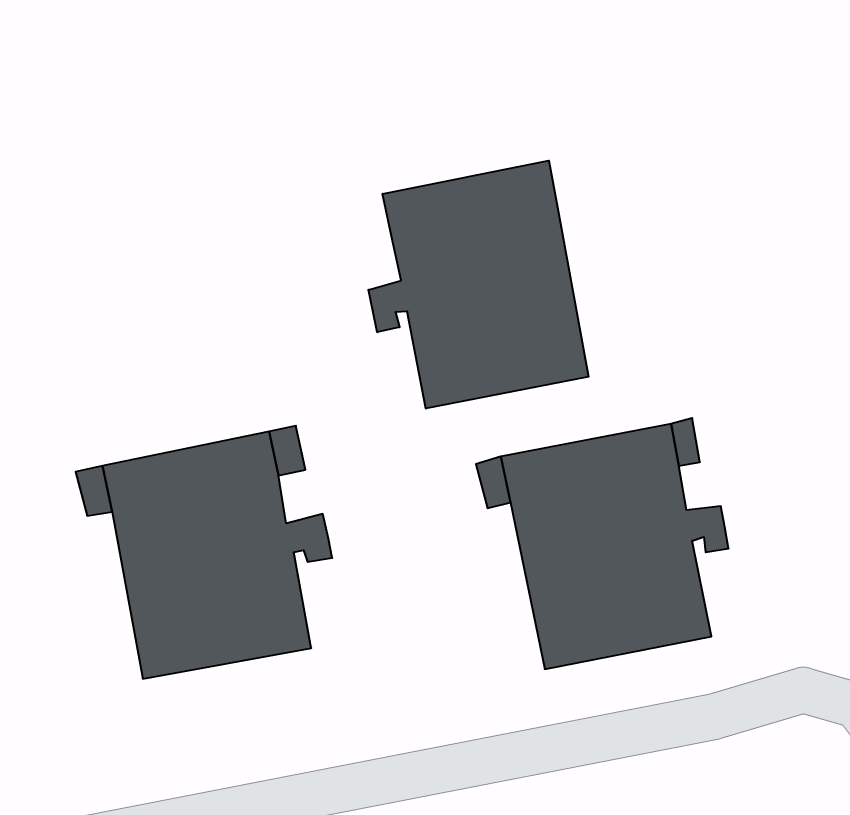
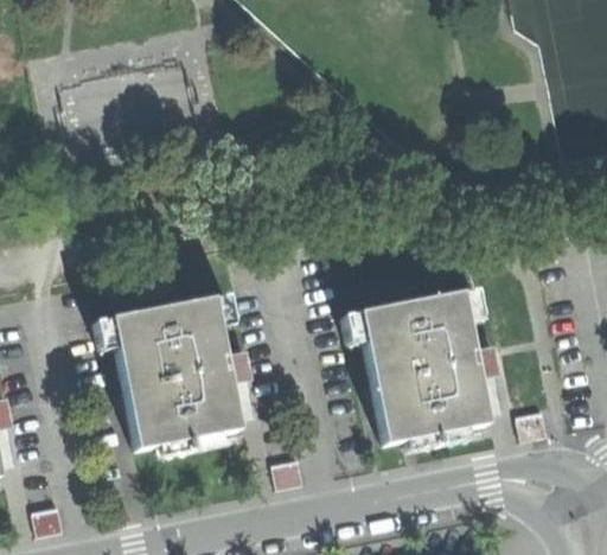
building: [368,161,589,409] -> none

